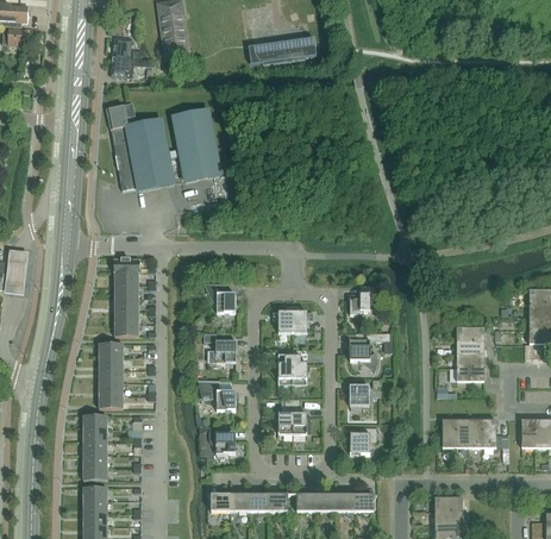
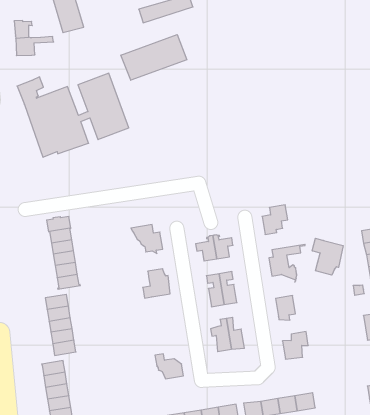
building: none -> [121,35,187,80]
building: none -> [312,238,343,275]
building: [198,380,236,410] -> none

